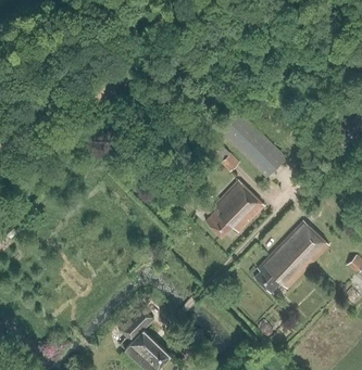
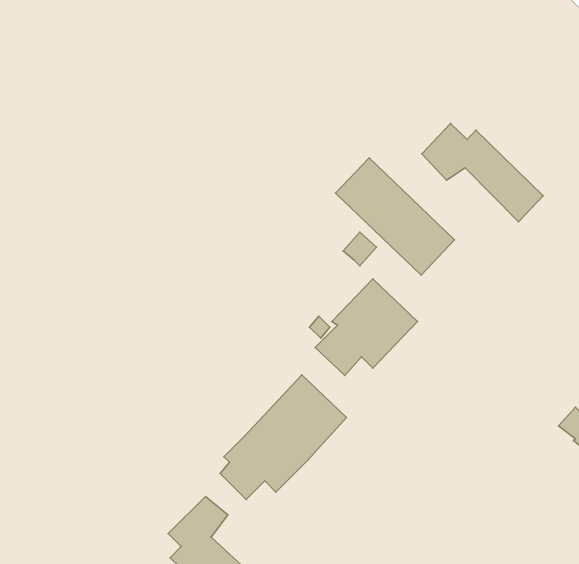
building: none -> [422,123,543,222]
building: [254,220,328,293] -> [220,375,347,499]

